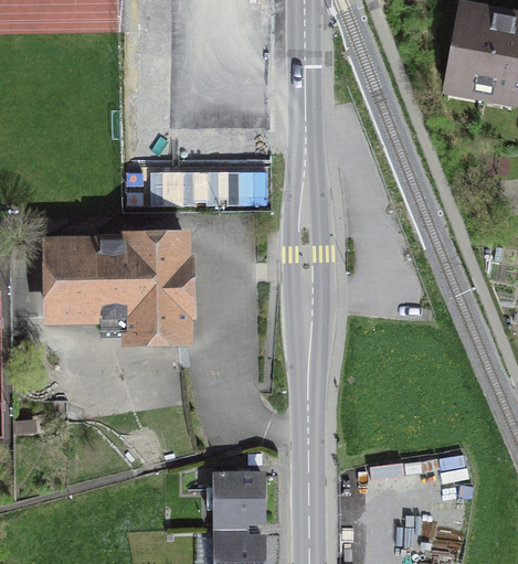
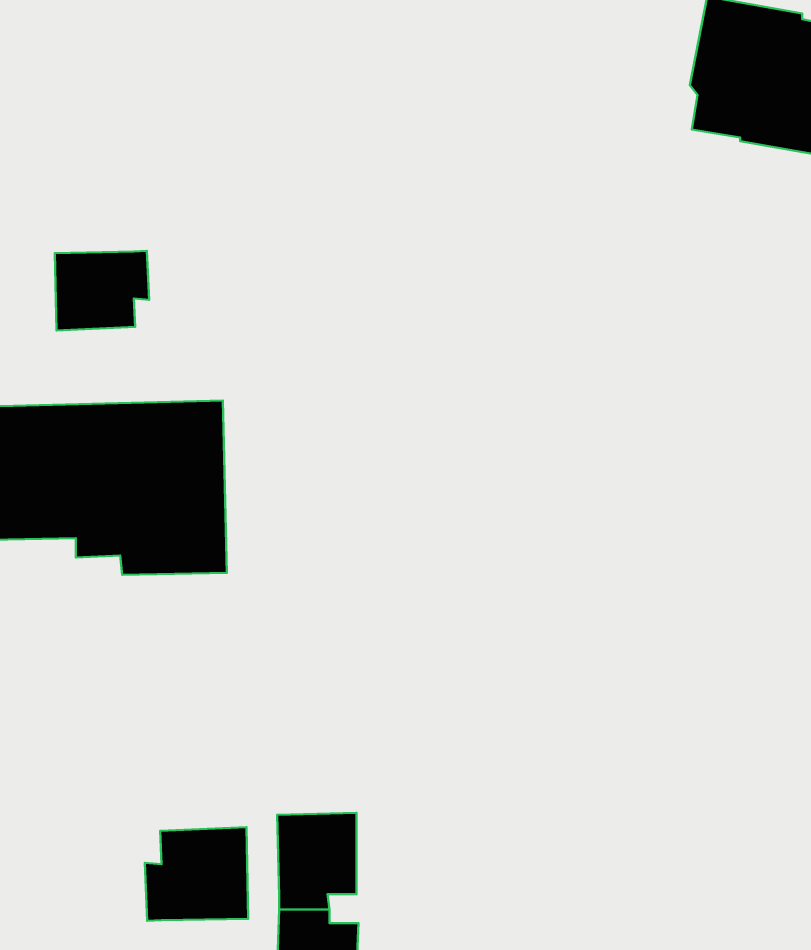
building: none -> [55,251,149,330]
building: none -> [145,827,248,921]

